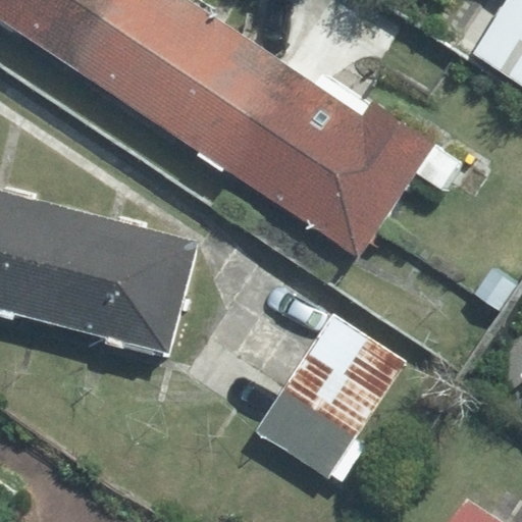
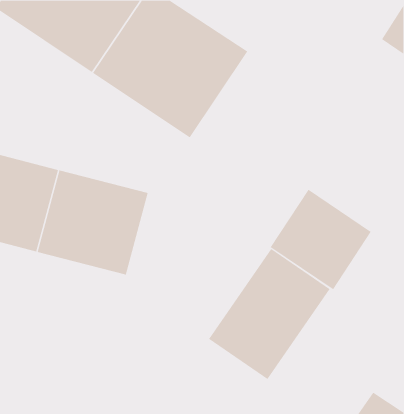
building: [238,68,431,257] -> none
building: none -> [270,189,372,290]

